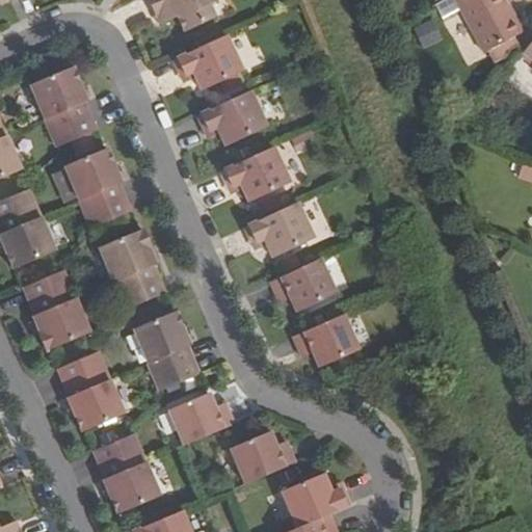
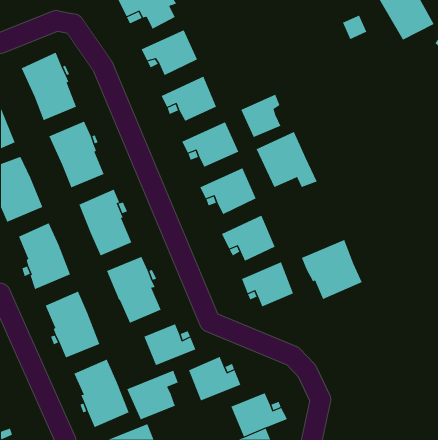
building: none -> [241,94,281,138]
building: none -> [256,131,317,188]
building: none -> [301,239,363,300]
building: none -> [126,370,178,420]

